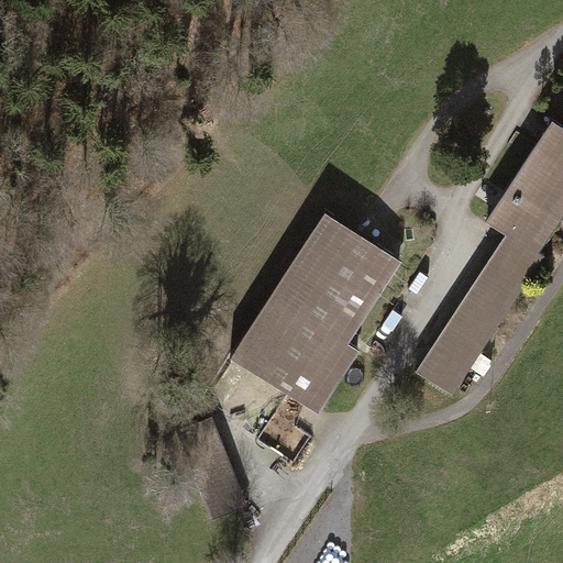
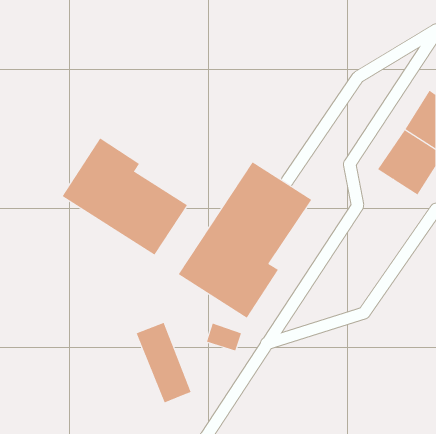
building: none -> [62,138,188,256]
building: [416,234,543,397] -> none

